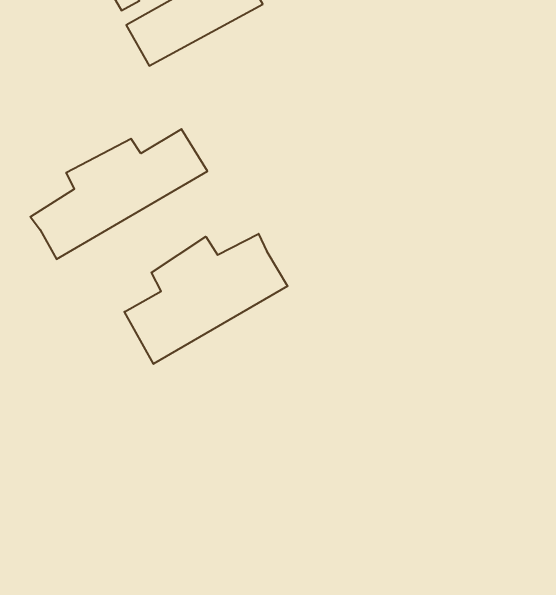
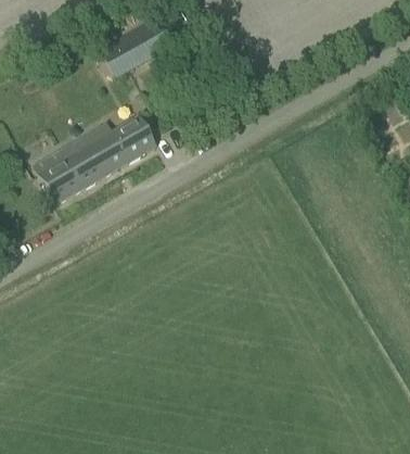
building: [124,234,288,364] -> none

